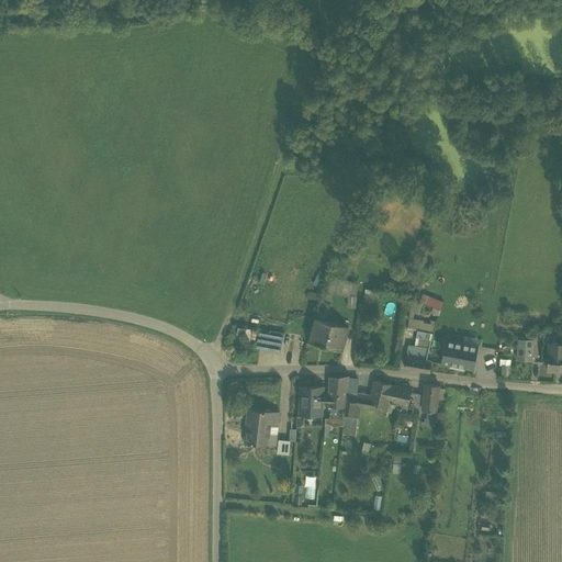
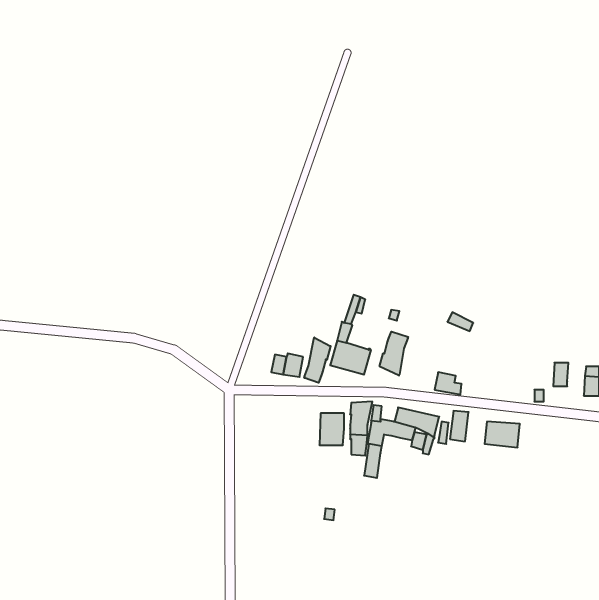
building: none -> [380,332,408,376]
building: none -> [304,337,331,383]
building: [440,338,473,362] -> [485,422,520,447]
building: [246,409,281,446] -> none

